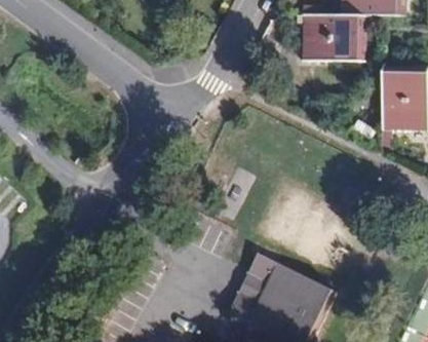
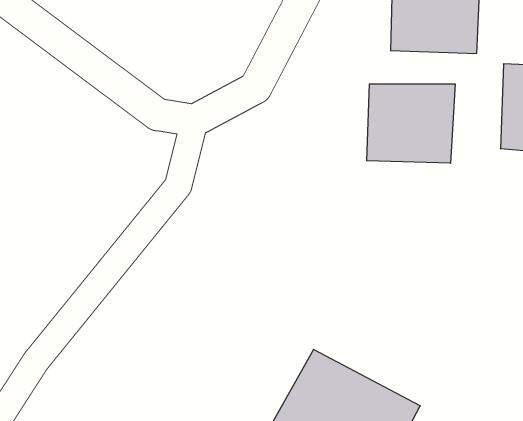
building: none -> [367,84,455,163]

